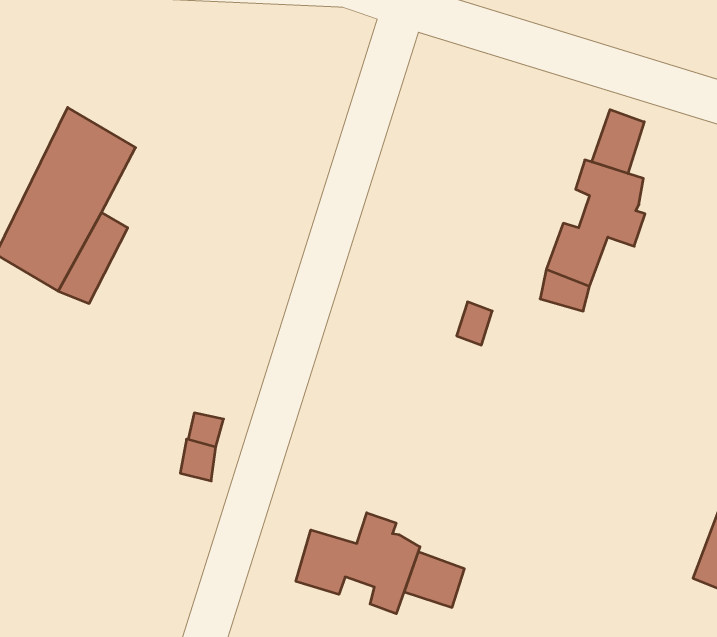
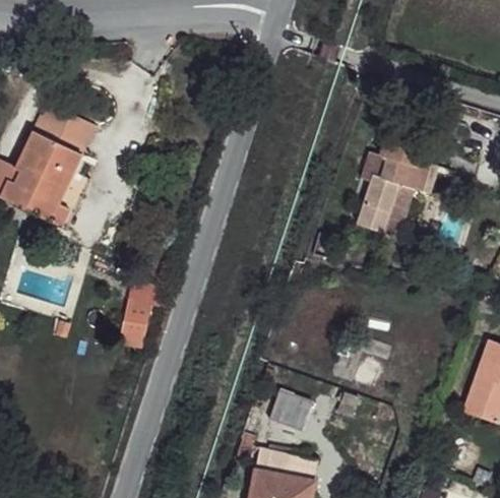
building: [592,110,644,174] -> none
building: [296,513,420,614] -> none

